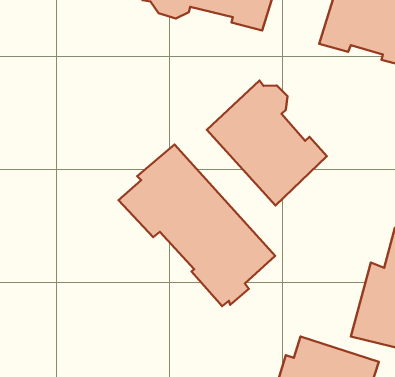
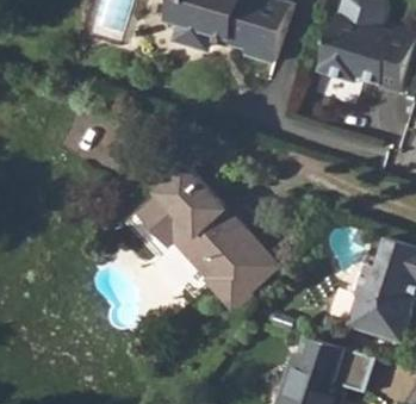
building: [207,81,327,206] -> none

